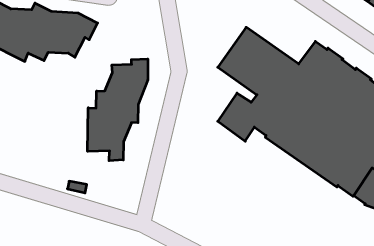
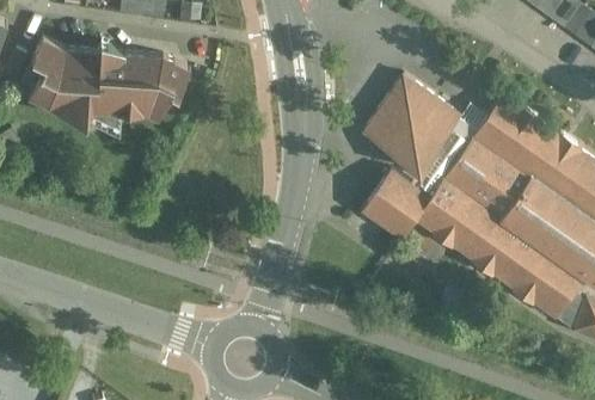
building: [88,59,148,161] -> none

